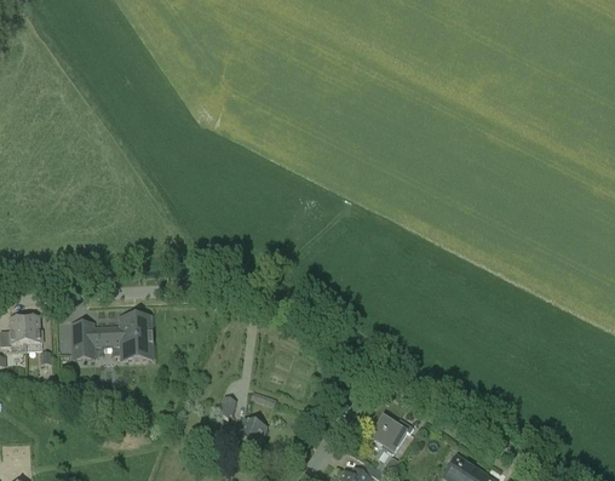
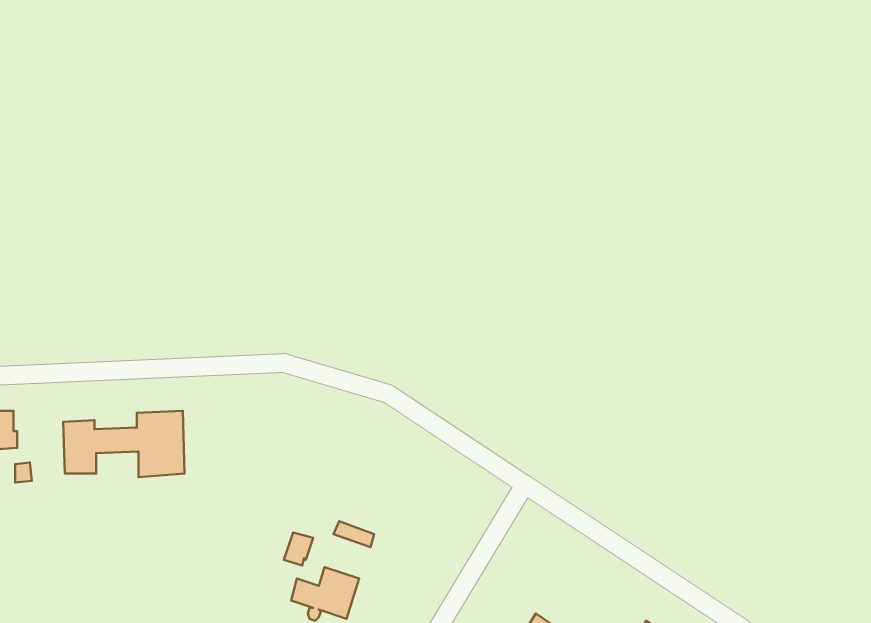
building: [370,413,414,447] -> none

